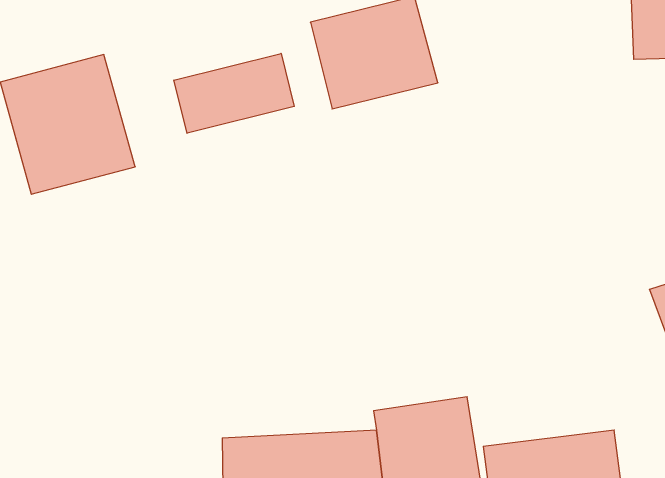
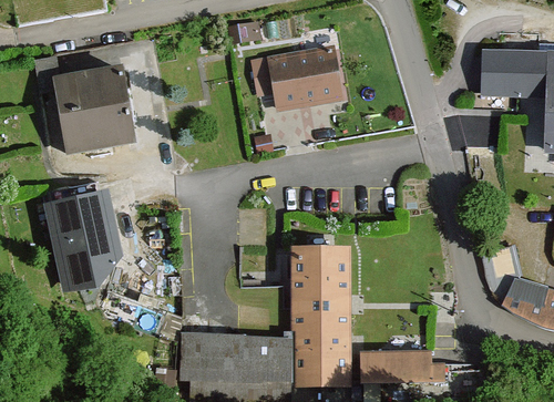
building: [174,53,294,133] -> none
building: none -> [53,194,123,284]
building: none -> [281,238,351,321]

